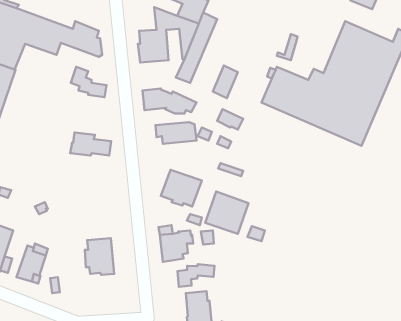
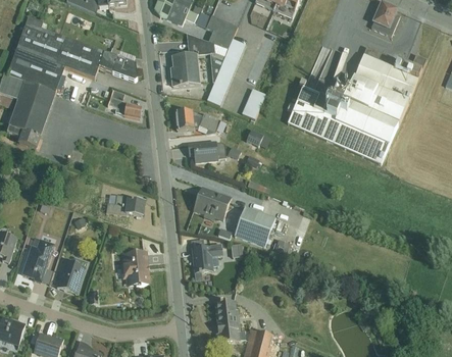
building: [70,133,111,155] -> [105,193,144,214]
building: [178,264,214,287] -> none

